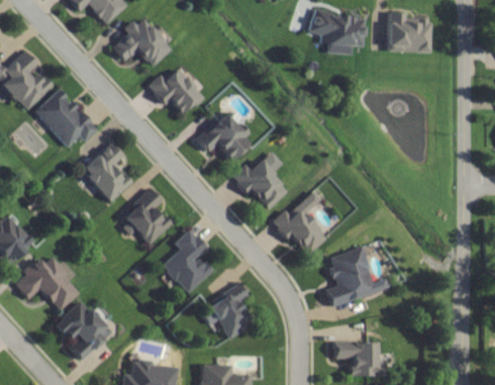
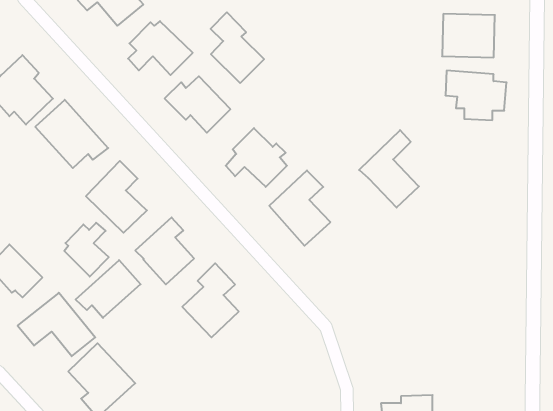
building: [310,11,363,54] -> [445,71,507,120]
building: none -> [211,12,264,83]
building: [275,189,326,256] -> [359,130,419,208]
building: none -> [64,223,109,277]
building: none -> [76,260,141,318]
building: [326,248,388,305] -> none
building: [200,287,250,338] -> none

